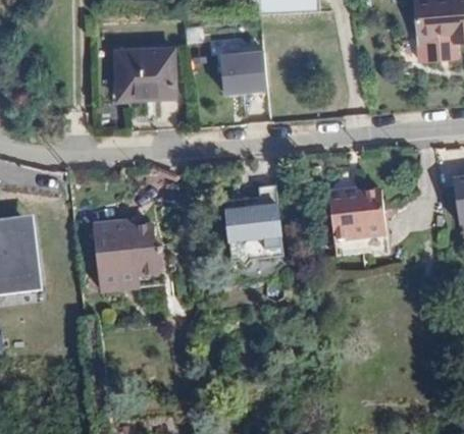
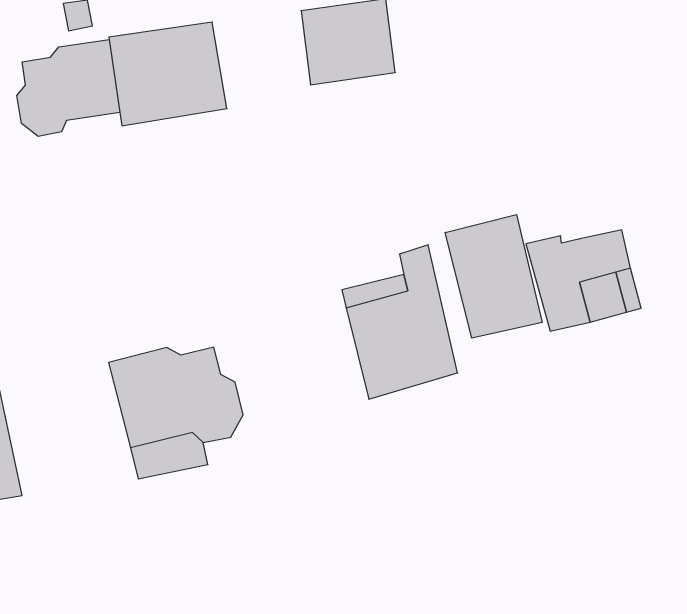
building: none -> [17,39,120,136]
building: none -> [445,215,542,338]

